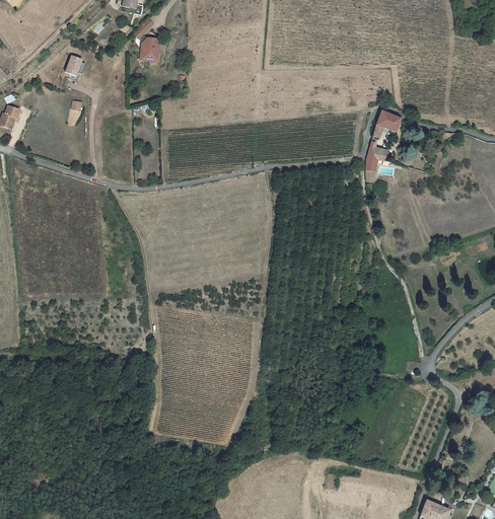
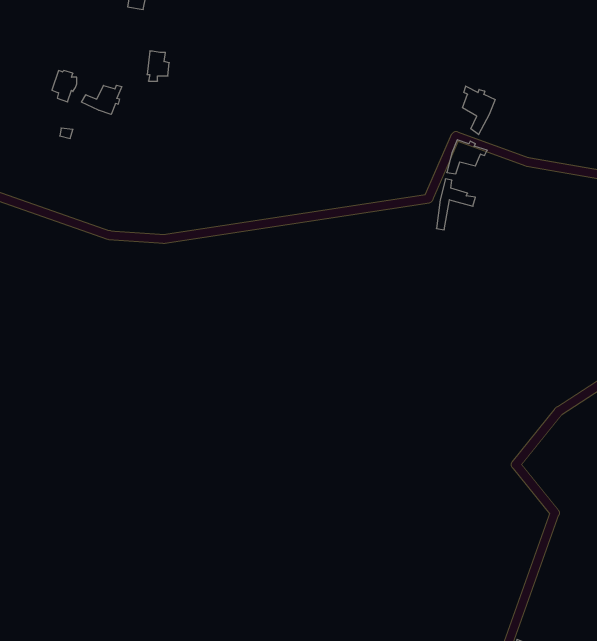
building: none -> [81,85,122,114]
building: none -> [463,86,495,135]

